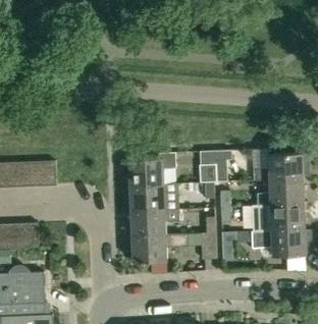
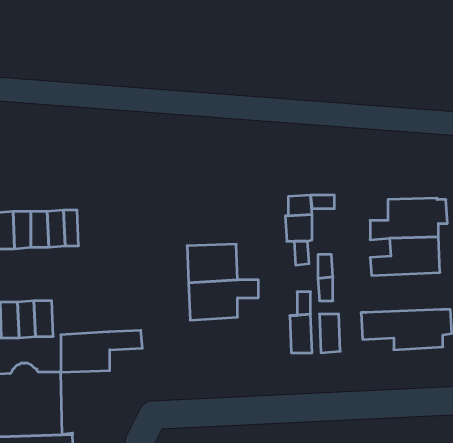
building: [129,152,175,184] -> none
building: [252,203,305,230] -> none
building: [132,232,189,261] -> [61,330,142,372]

